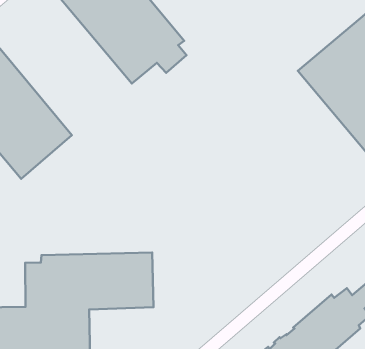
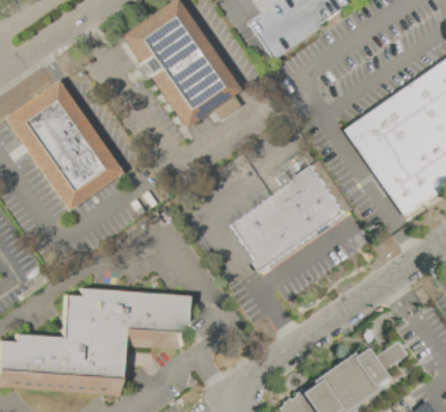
building: none -> [227,167,343,272]

